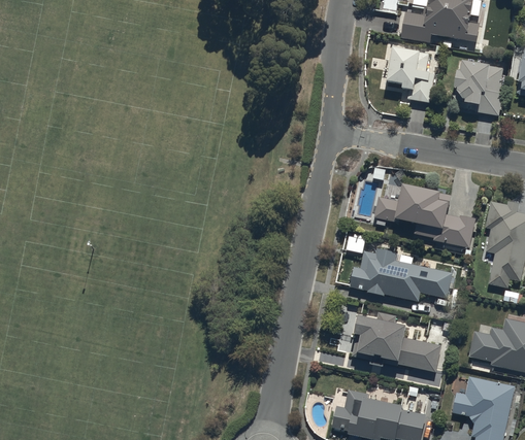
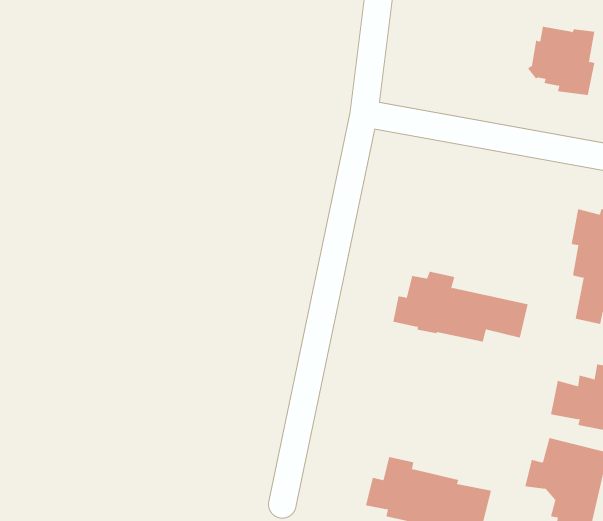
building: [387,48,434,102] -> none
building: [373,187,475,247] -> none
building: [353,310,441,372] -> none

